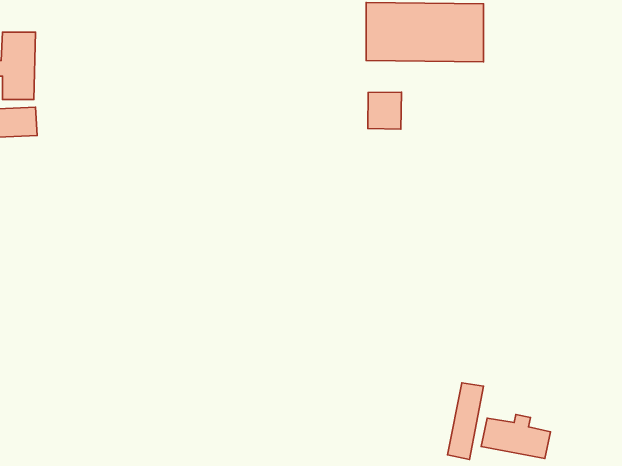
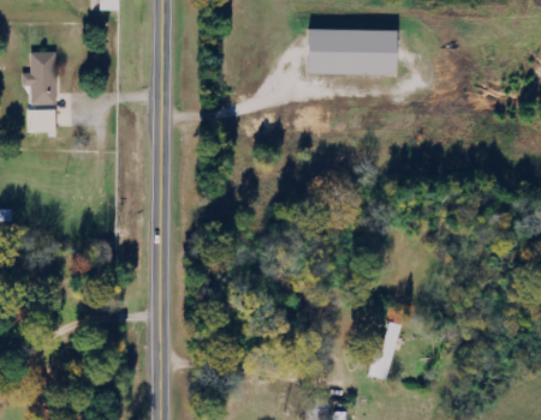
building: [368,92,401,129] -> none
building: [481,414,551,459] -> none

